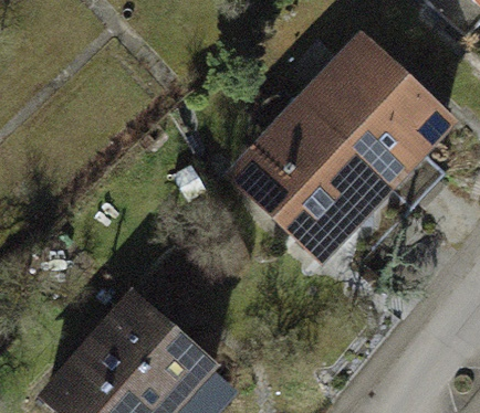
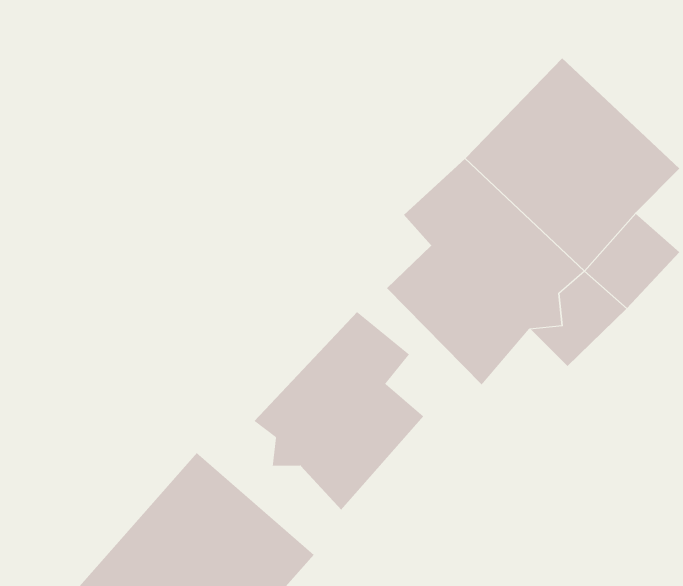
building: none -> [253,311,424,510]

